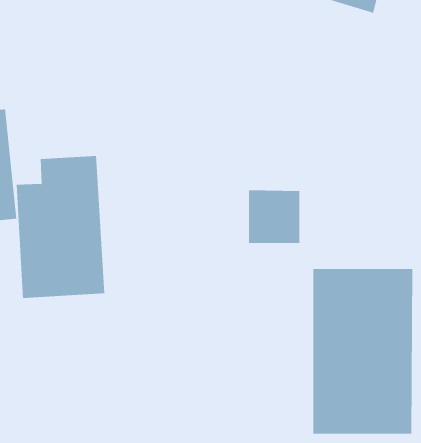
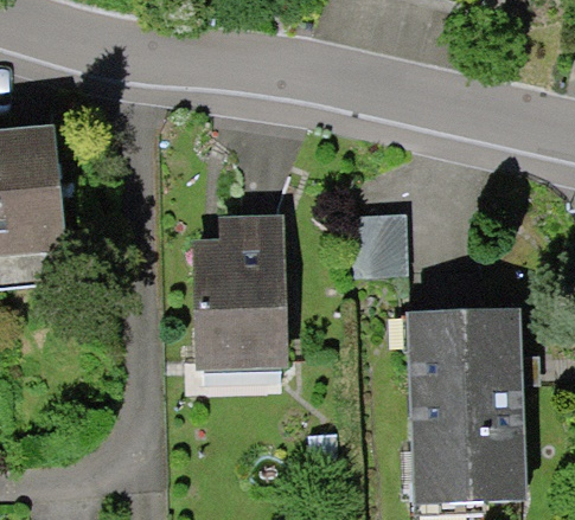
building: [16,156,105,299] -> [189,206,290,370]

